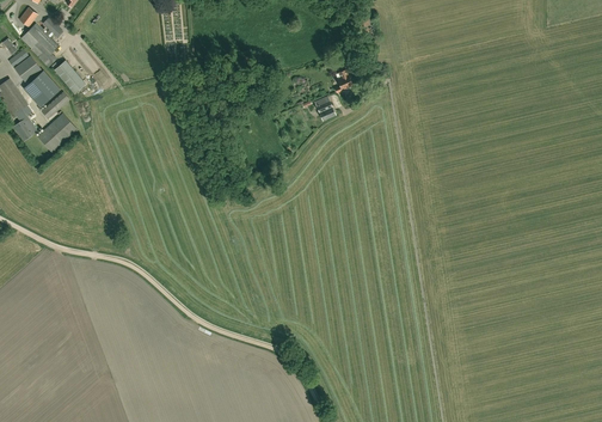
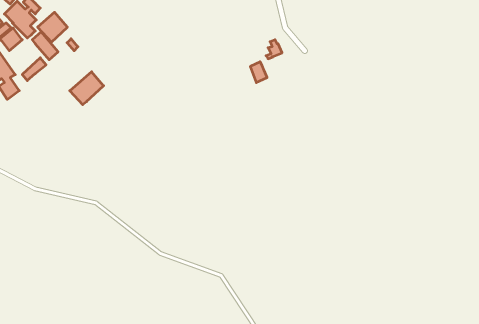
building: [24,71,60,106] -> [38,12,67,42]
building: [37,112,78,152] -> [70,72,104,105]

